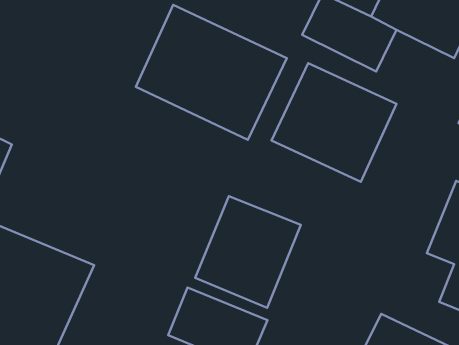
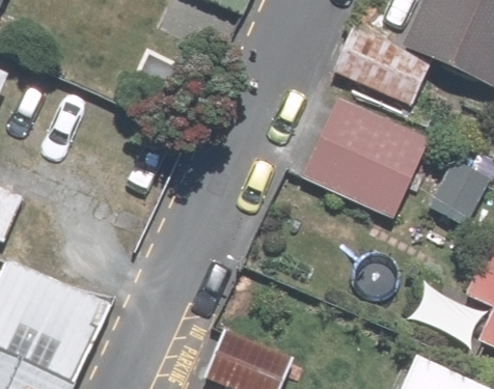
building: [136,5,287,140] -> none
building: [195,196,301,308] -> none

